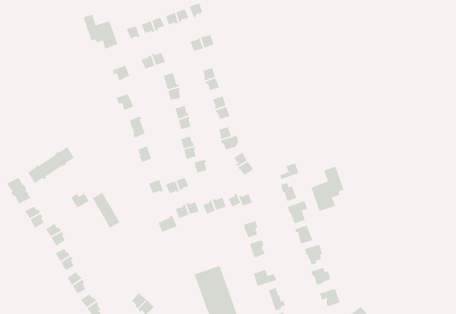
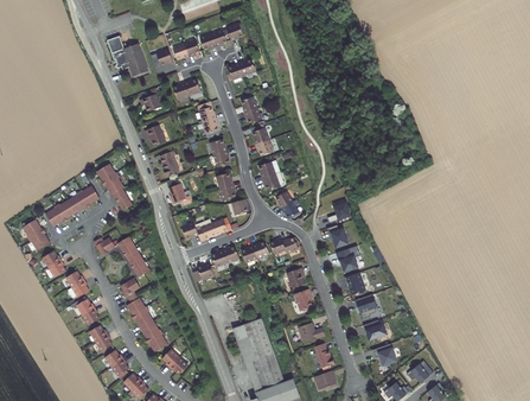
building: none -> [94,163,132,209]
building: [310,165,344,212] -> none
building: none -> [120,278,167,352]

